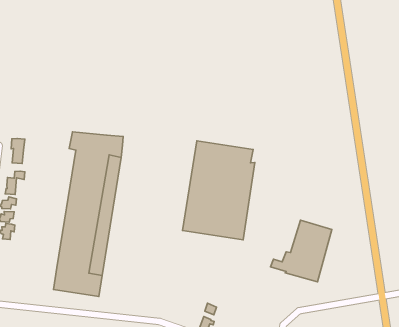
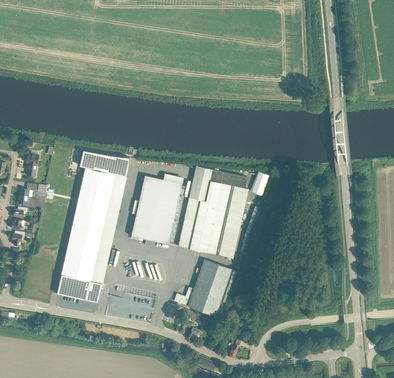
building: none -> [131,175,182,246]
building: [271,220,332,282] -> [174,259,232,316]

